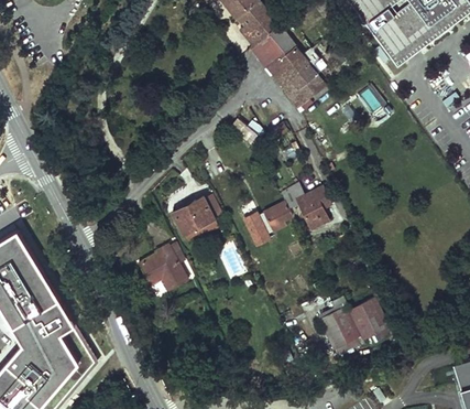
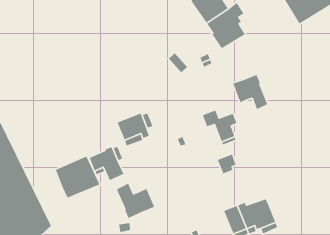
building: none -> [232,74,268,110]
building: [261,207,287,236] -> [217,153,236,174]
building: none -> [55,155,100,198]
building: none -> [116,182,155,219]

